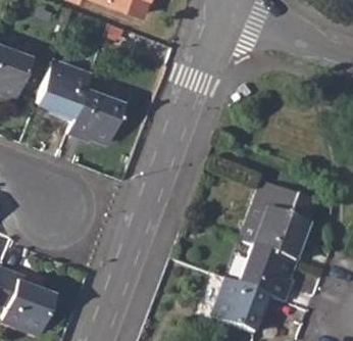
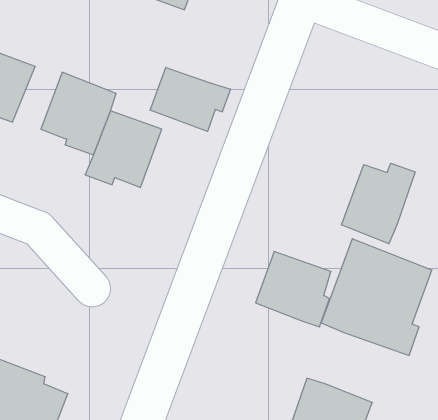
building: none -> [150,67,230,131]
building: none -> [341,163,415,244]
building: [241,248,295,302] -> [256,251,331,327]

